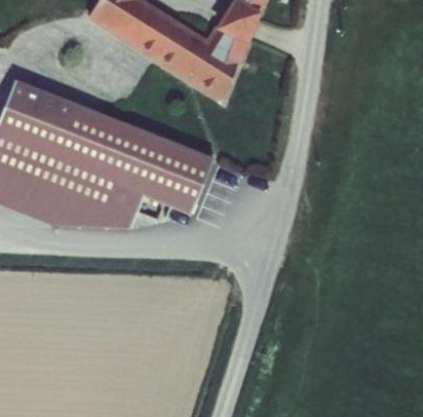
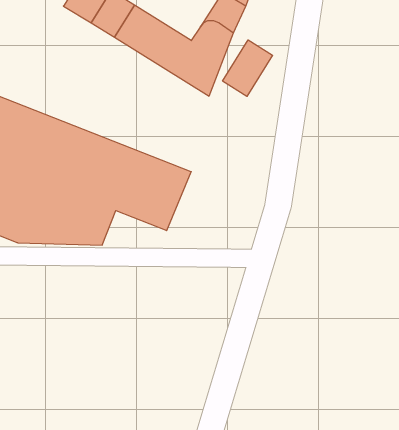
building: none -> [223,40,273,96]

